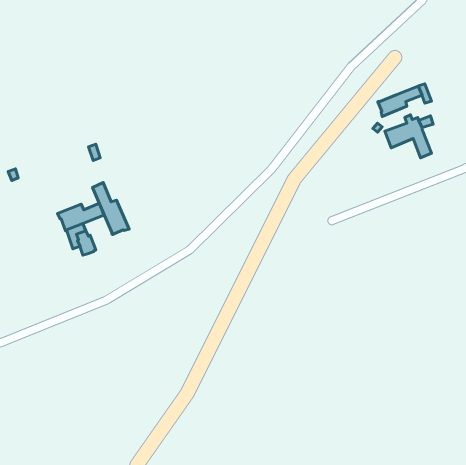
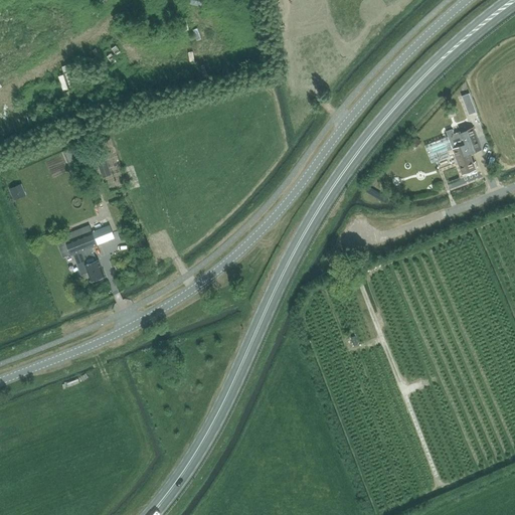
building: [378,86,422,116] -> none
building: [93,183,129,235] -> none

